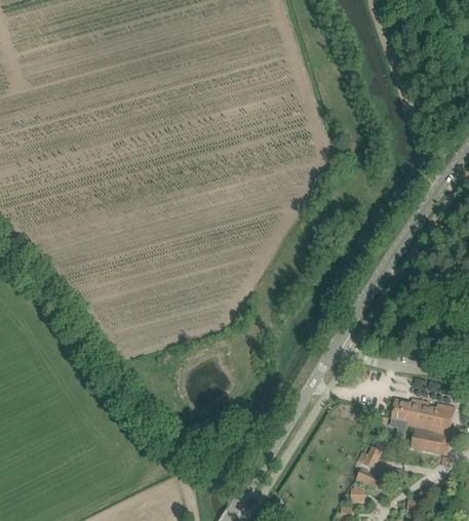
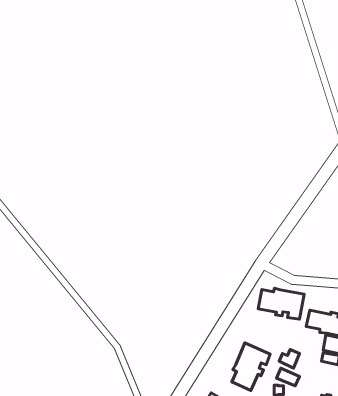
building: none -> [258,288,304,319]
building: none -> [232,343,270,390]

